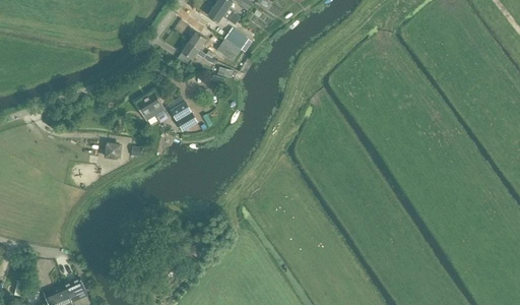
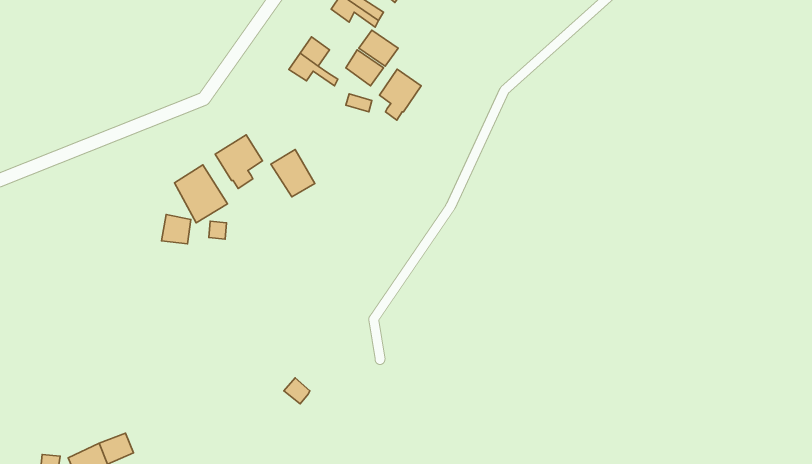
building: none -> [379,69,421,120]
building: none -> [174,165,228,223]

